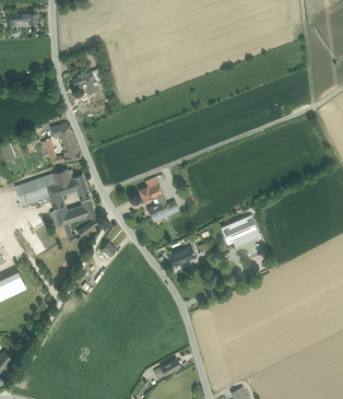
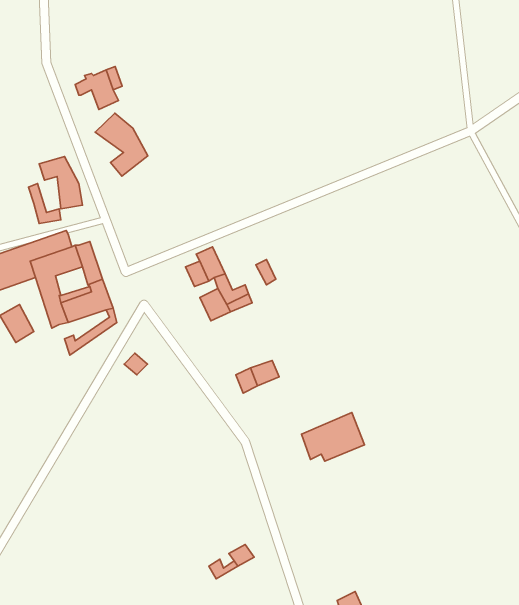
building: none -> [95,113,148,176]
building: [220,215,258,245] -> [301,412,365,461]

